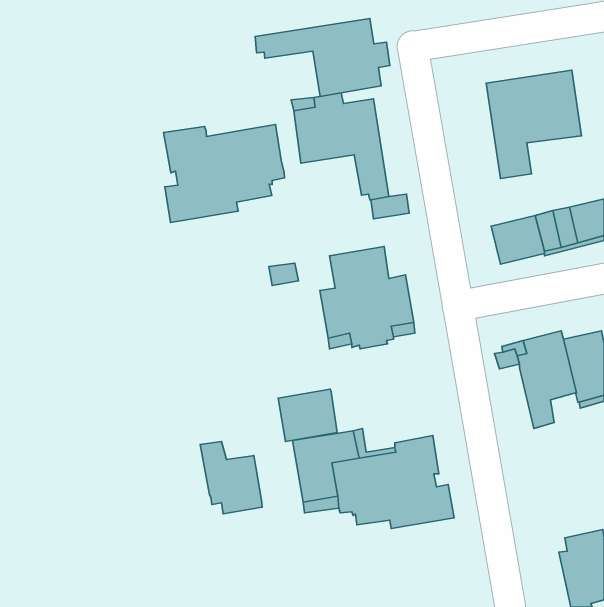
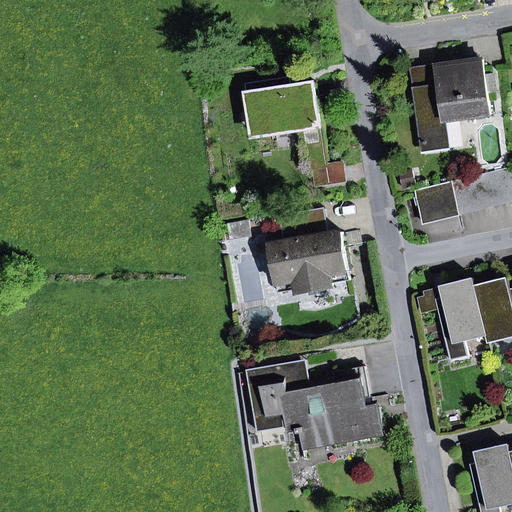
building: [255,18,390,97] -> none
building: [163,125,285,222] -> none
building: [278,389,337,442] -> none
building: [200,442,262,514] -> none

